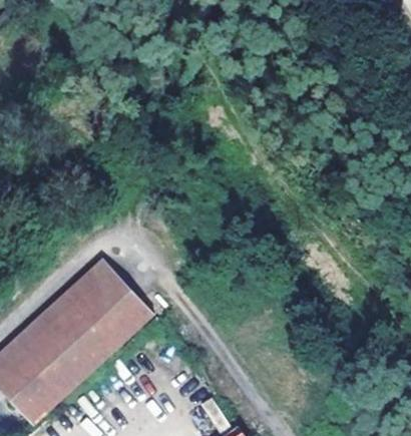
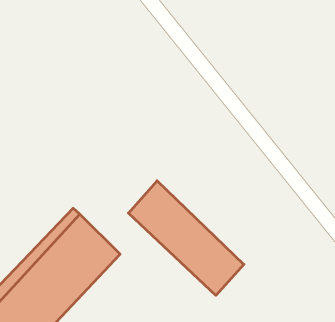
building: none -> [128,181,244,295]

